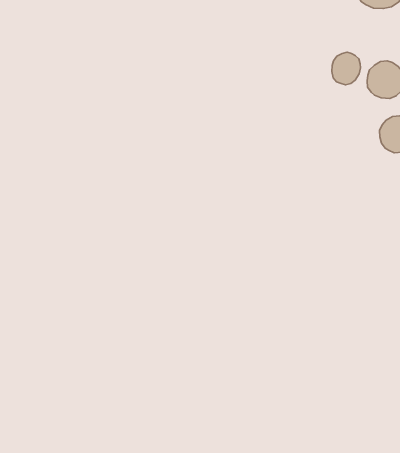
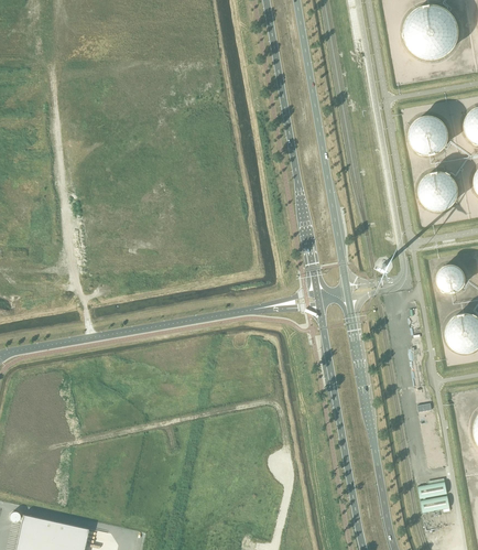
building: [332,52,360,85] -> none

